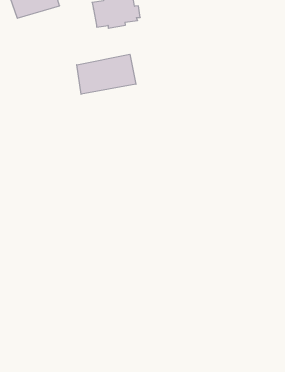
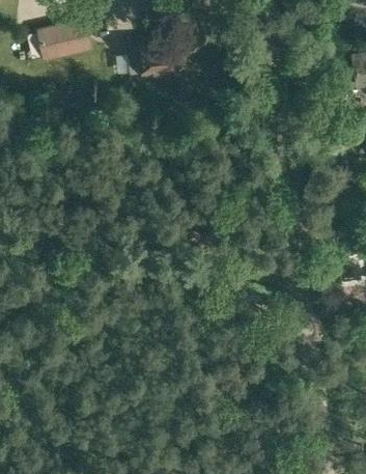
building: [77,54,136,94] -> none

